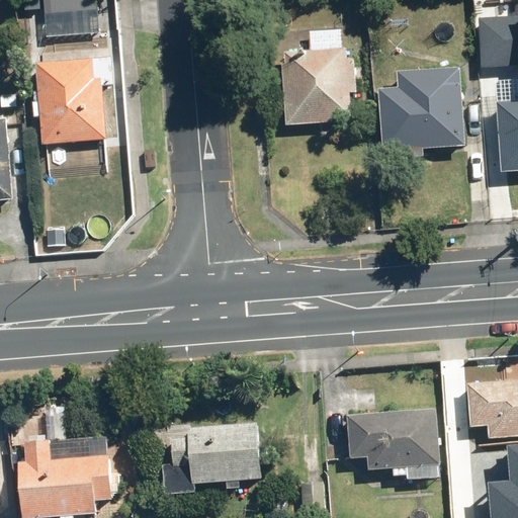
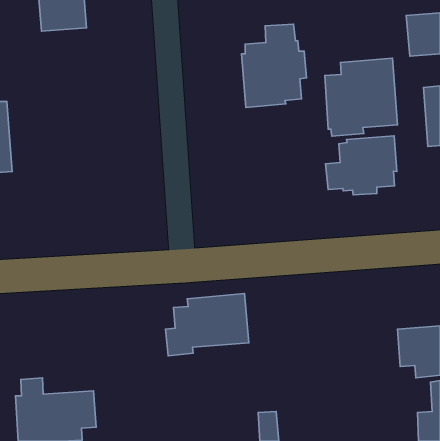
building: [37,57,116,145] -> none
building: none -> [326,136,397,195]
building: [347,407,441,479] -> none
building: [164,421,261,494] -> [166,294,249,356]

